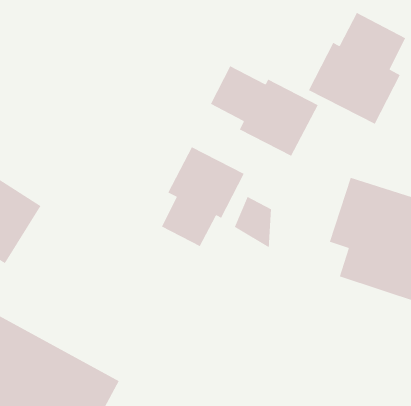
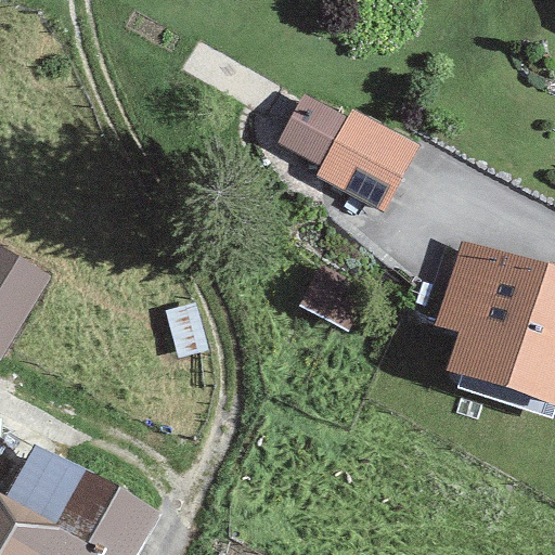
building: [308,12,406,125] -> none
building: [161,146,245,247] -> none

